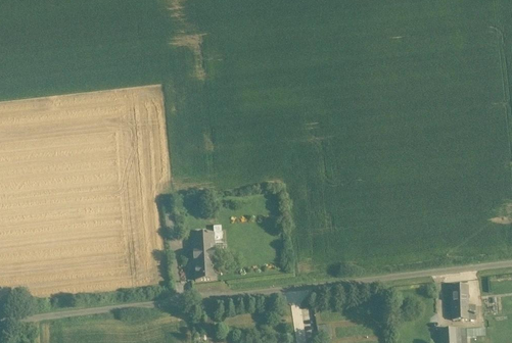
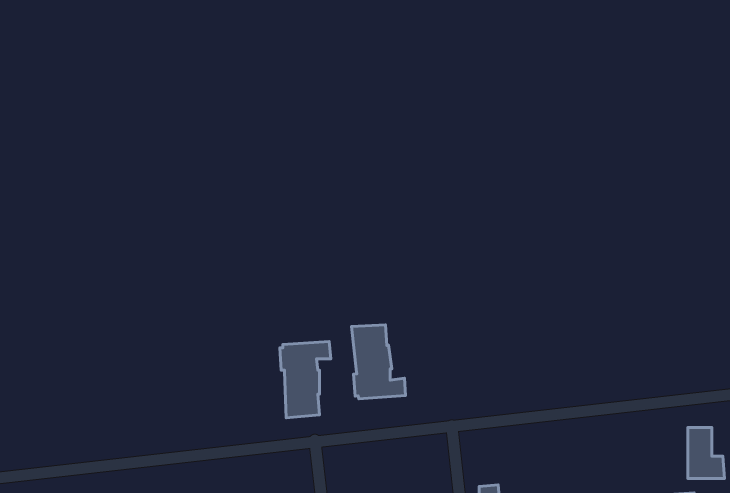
building: none -> [352,325,406,399]

